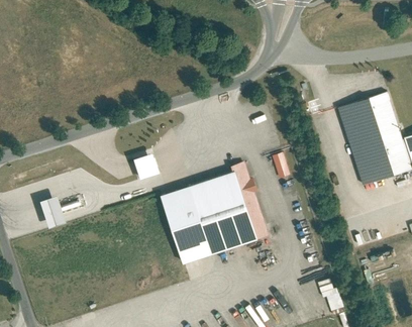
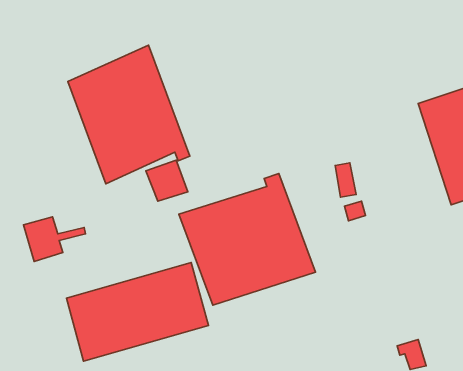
building: none -> [68,45,190,184]
building: none -> [66,263,208,361]

